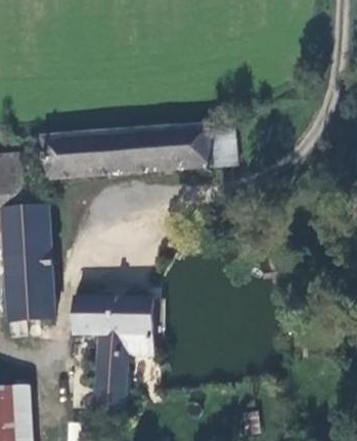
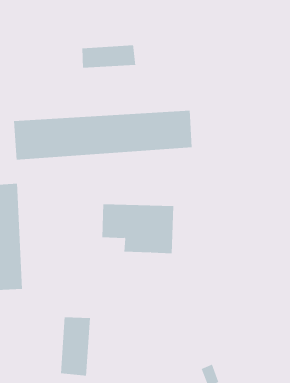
building: none -> [82,45,136,69]
building: [74,296,151,349] -> [101,204,174,254]

